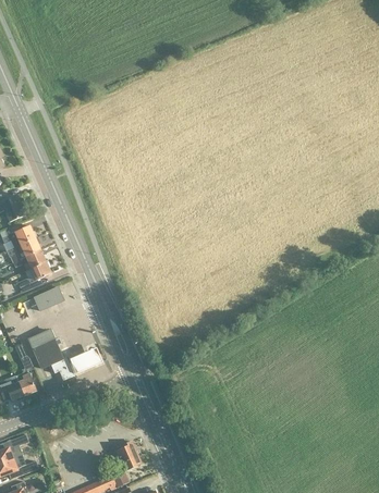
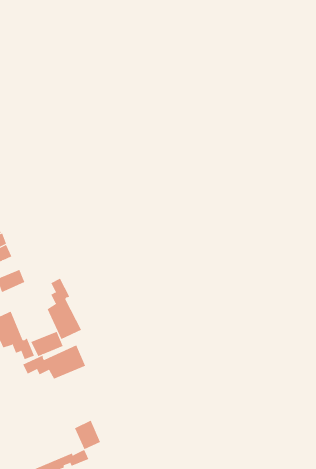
building: none -> [47,278,82,340]
building: none -> [23,344,86,379]

